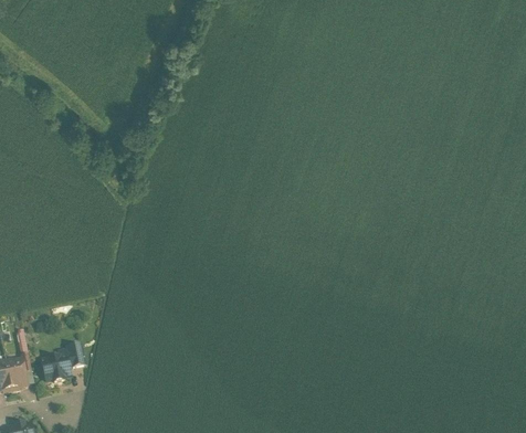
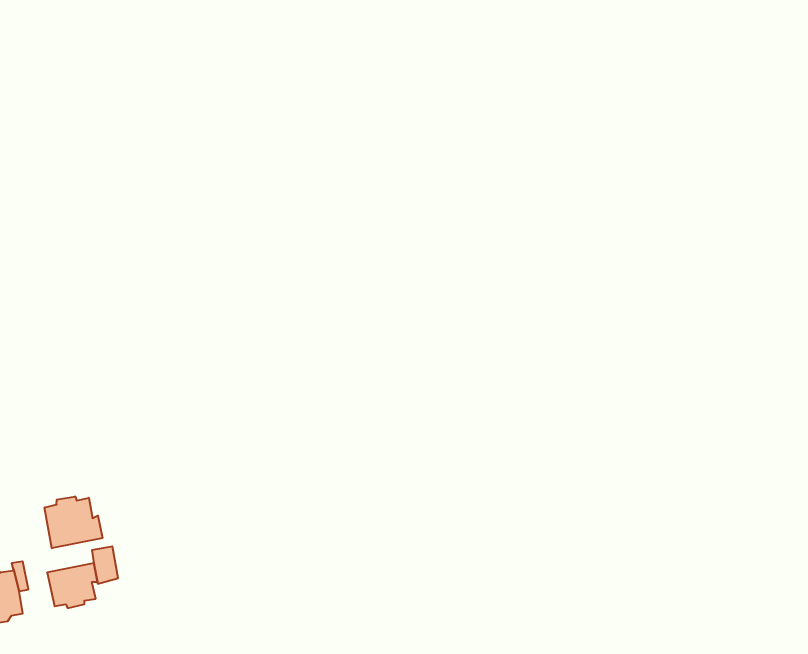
building: none -> [45,496,102,548]

